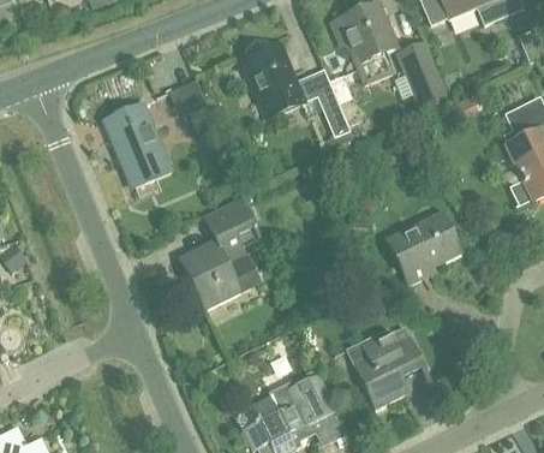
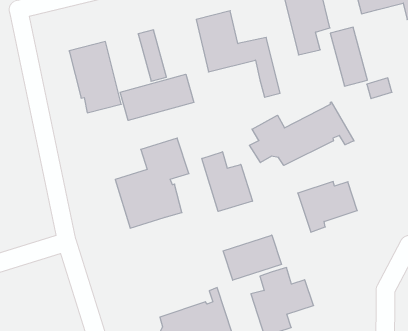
building: none -> [120,74,194,120]
building: none -> [249,102,354,165]
building: none -> [202,152,252,211]
building: none -> [223,235,281,280]

